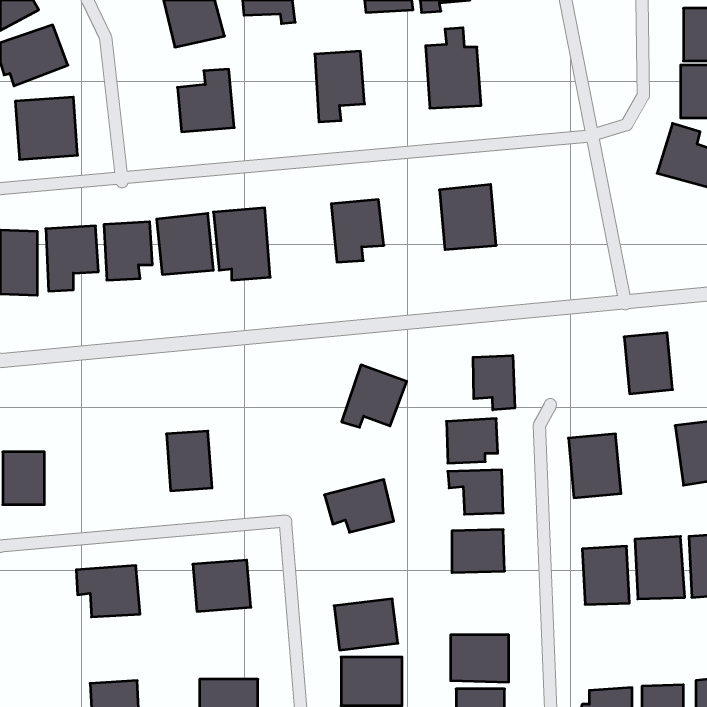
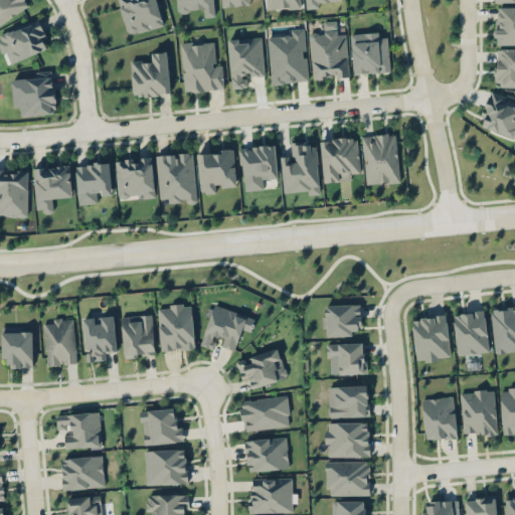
building: none -> [268,29,310,85]
building: none -> [352,33,391,74]
building: none -> [181,41,225,93]
building: none -> [362,133,399,184]
building: none -> [283,144,320,195]
building: none -> [199,152,237,194]
building: [624,333,673,394] -> [455,312,490,356]
building: [473,355,515,410] -> none
building: [342,365,407,427] -> [200,304,247,349]
building: none -> [158,303,196,351]
building: none -> [83,316,117,361]
building: none -> [42,317,77,366]
building: none -> [238,394,291,432]
building: none -> [327,422,370,458]
building: none -> [145,449,188,485]
building: none -> [60,455,105,490]

